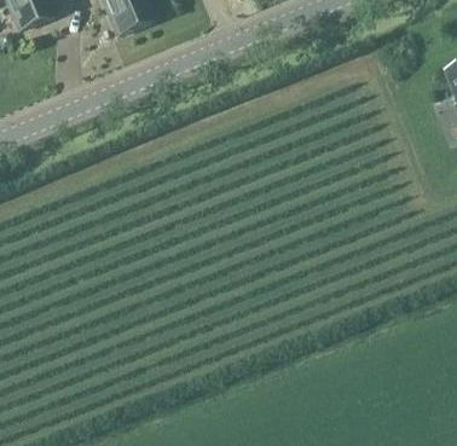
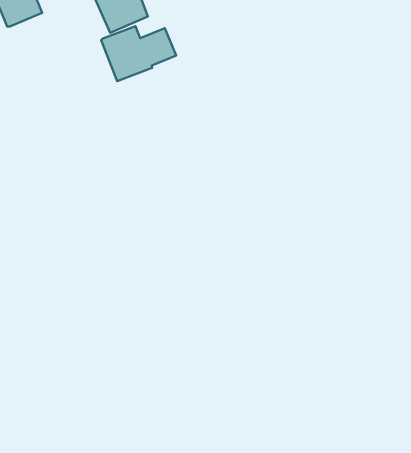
building: none -> [101,26,176,81]

